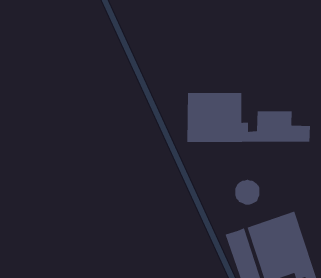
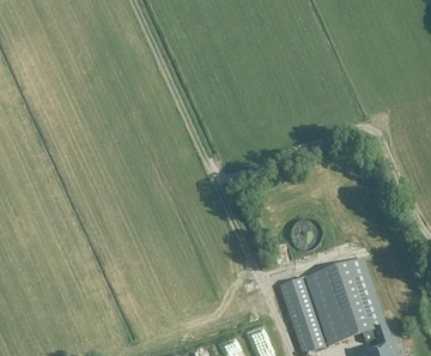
building: [187,92,311,143] -> none

